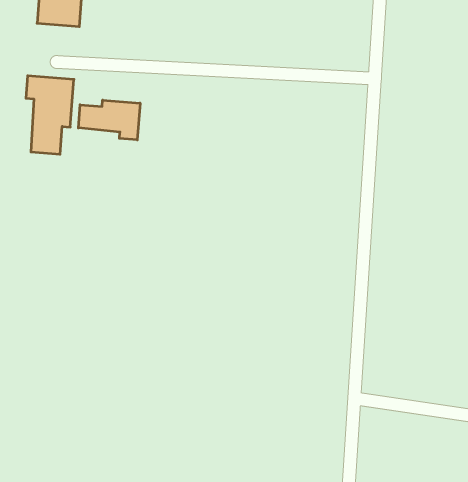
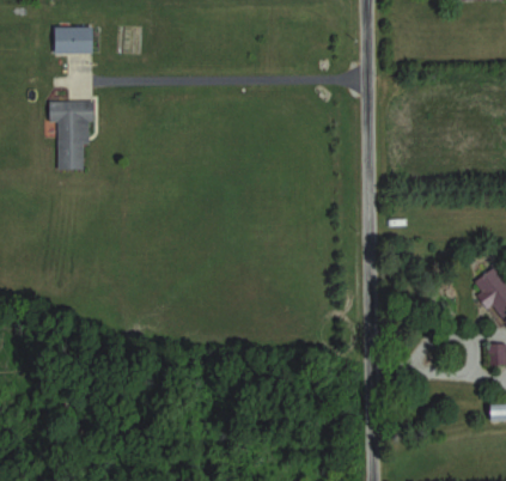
building: [78,100,140,140] -> none

